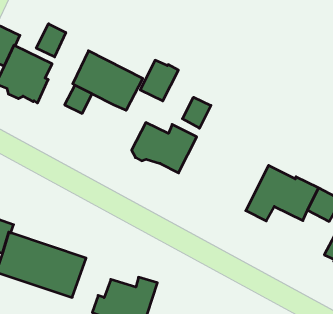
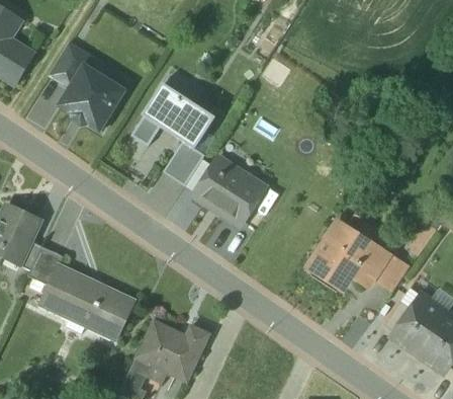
building: [36,24,66,57] -> none
building: [140,60,178,101] -> [163,142,205,185]
building: [182,97,211,128] -> none

